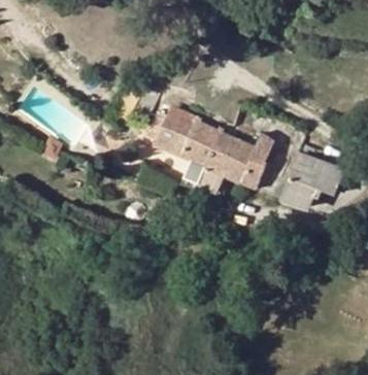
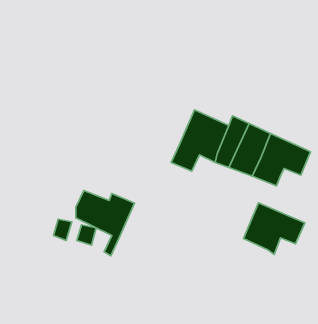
building: [156,115,218,184] -> [76,191,134,256]
building: none -> [243,203,305,255]

